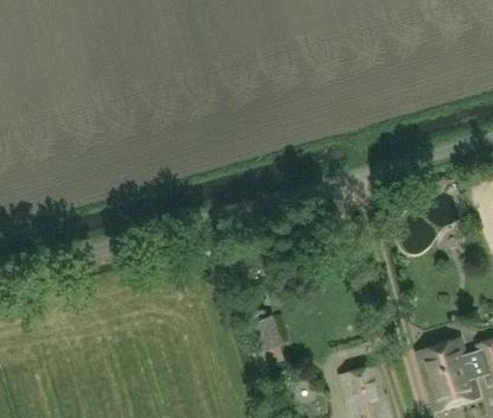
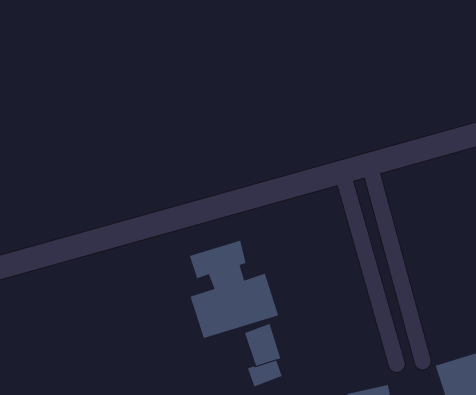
building: none -> [189,240,279,339]

